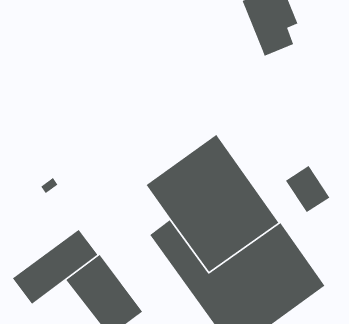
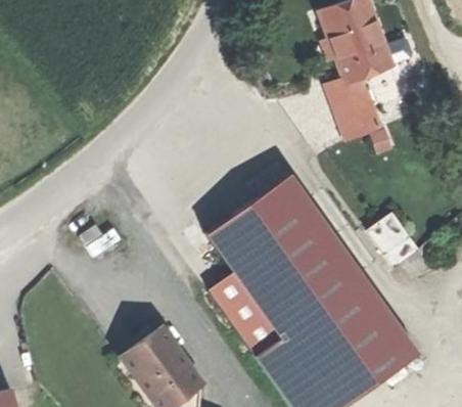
building: none -> [326,77,381,139]
building: [12,229,99,305] -> none

